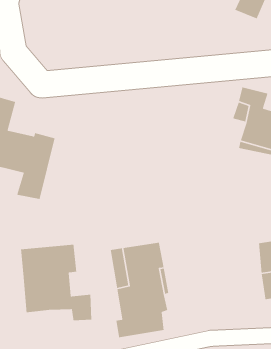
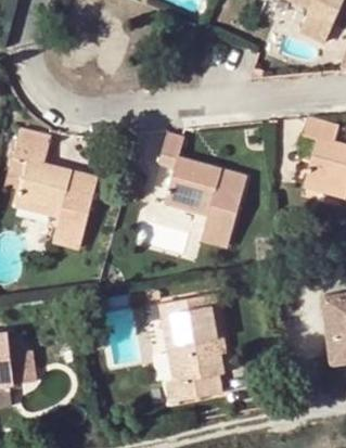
building: none -> [157,132,246,247]
building: [20,244,92,321] -> none

